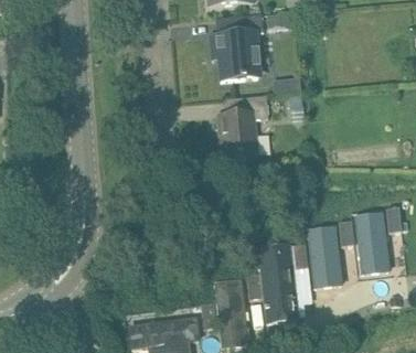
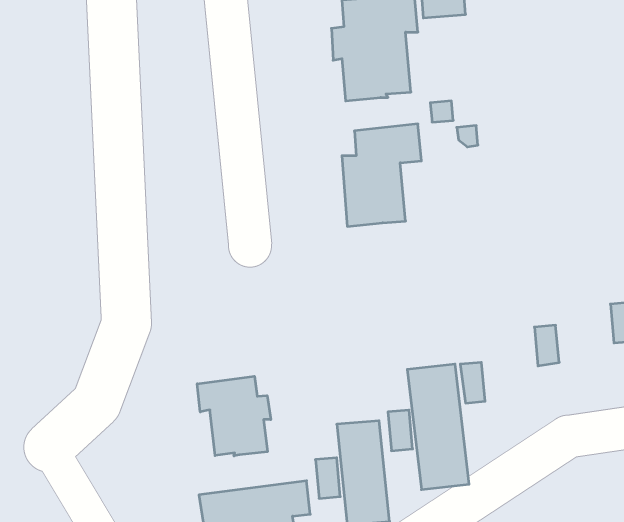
building: [355,213,387,272] -> none
building: [308,227,340,287] -> none
building: none -> [197,376,271,456]

